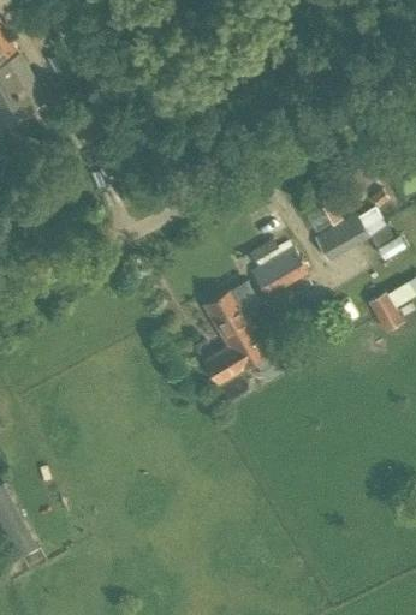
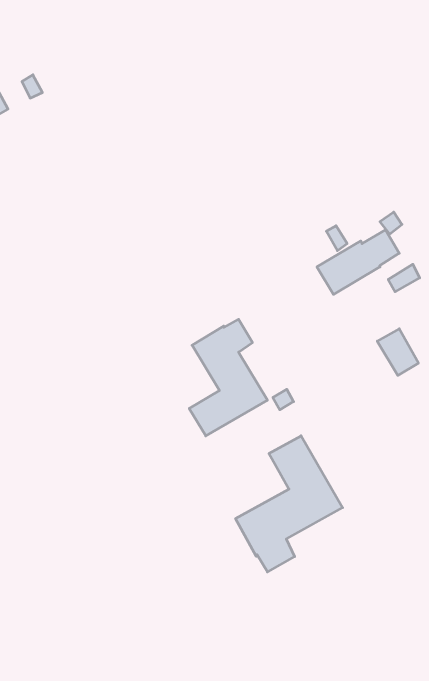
building: [251,247,308,297] -> none
building: none -> [236,436,343,572]

